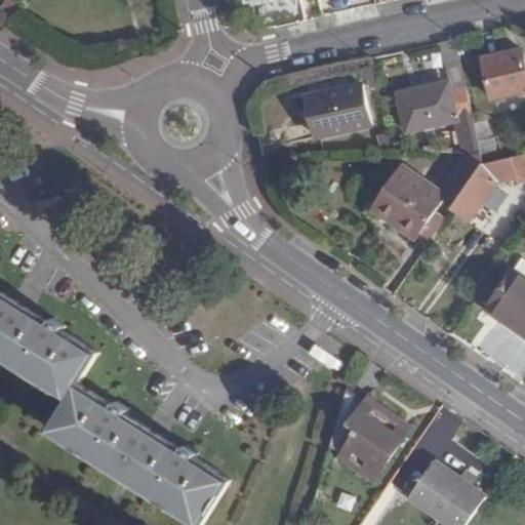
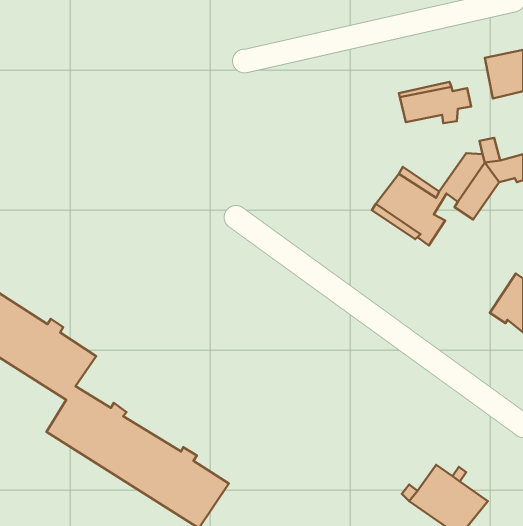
building: [306,87,367,138] -> none
building: [327,391,406,480] -> none

